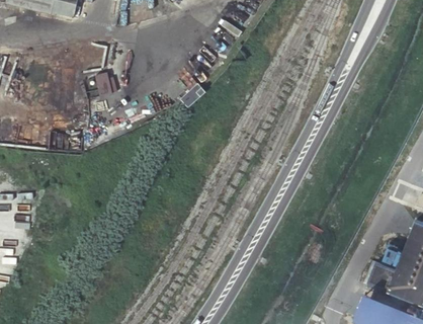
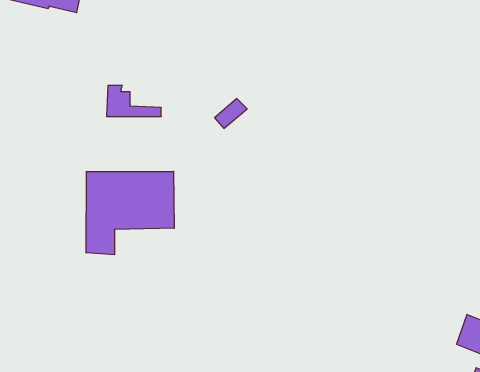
building: none -> [86,171,174,255]

